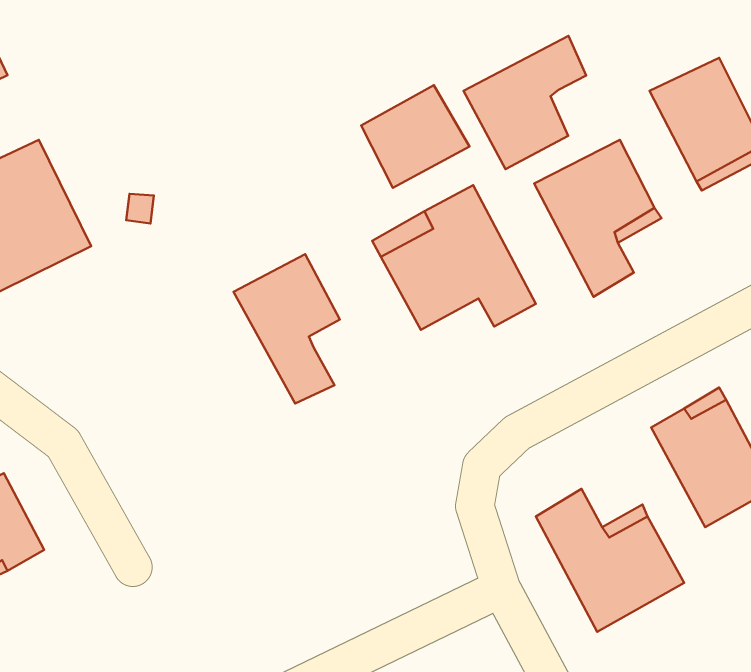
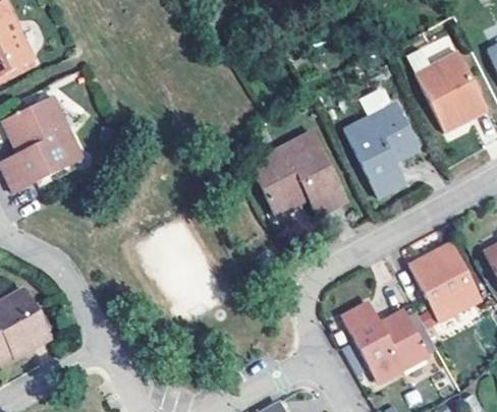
building: [463,36,586,169] -> none
building: [361,85,470,188] -> none
building: [234,254,340,403] -> none

